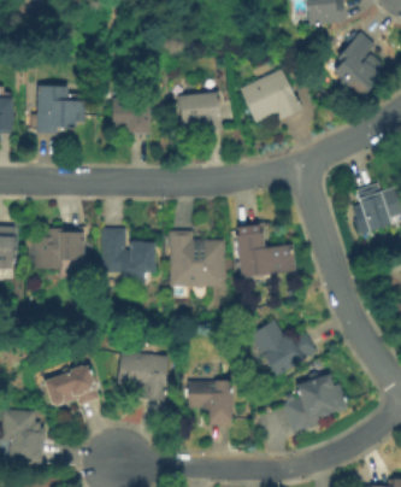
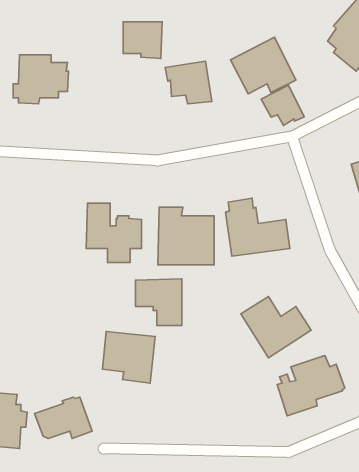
building: [112,98,149,133] -> [123,22,162,58]
building: none -> [261,85,304,125]
building: [30,227,83,269] -> none
building: [43,365,99,405] -> [34,397,92,439]
building: [188,380,232,424] -> [135,279,182,325]

